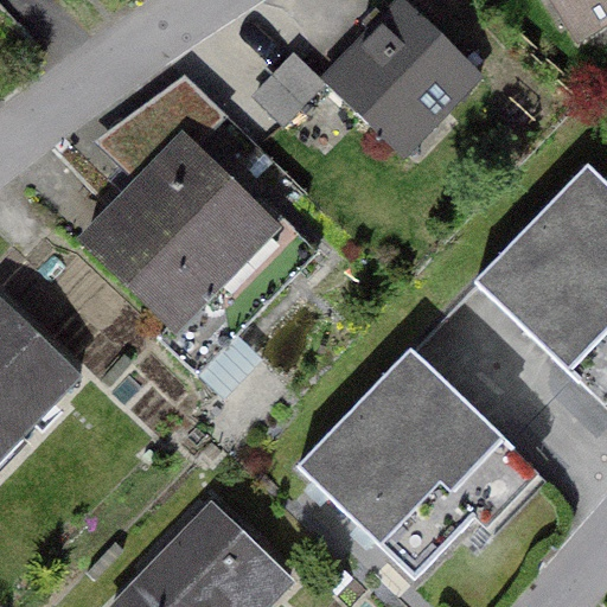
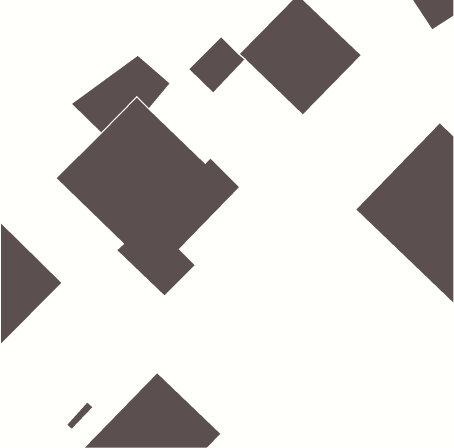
building: [295,347,511,577] -> none

